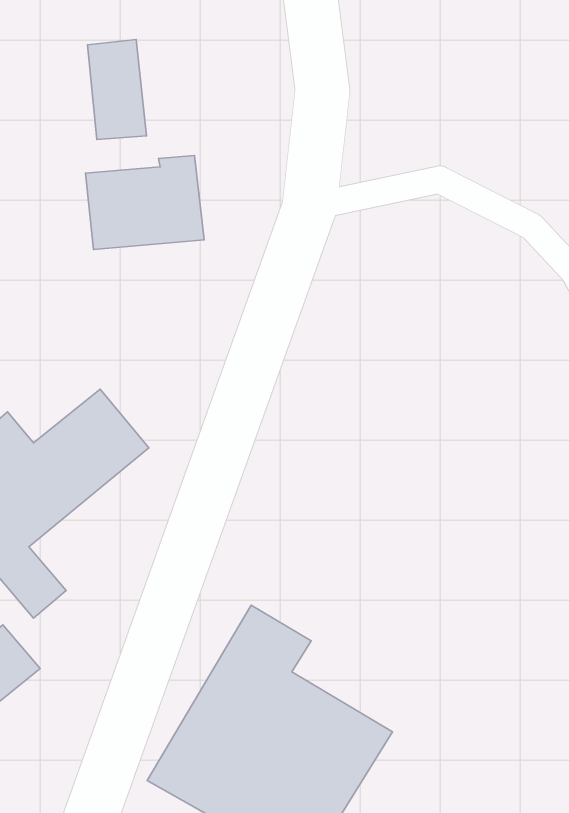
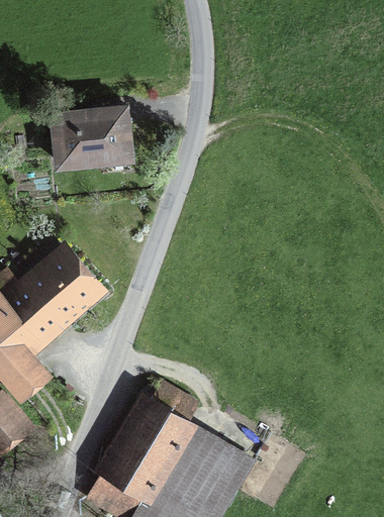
building: [87,40,147,140] -> none

